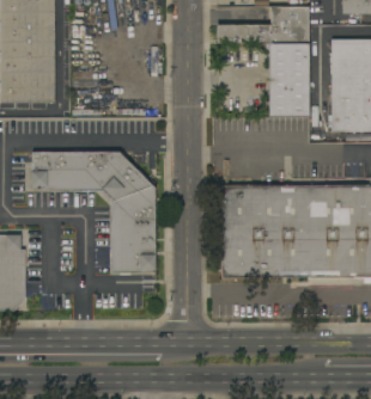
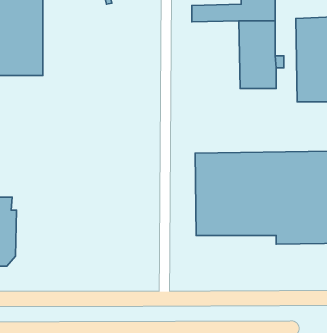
building: [31,152,156,271] -> none

